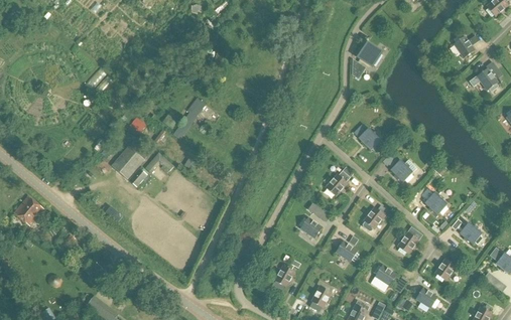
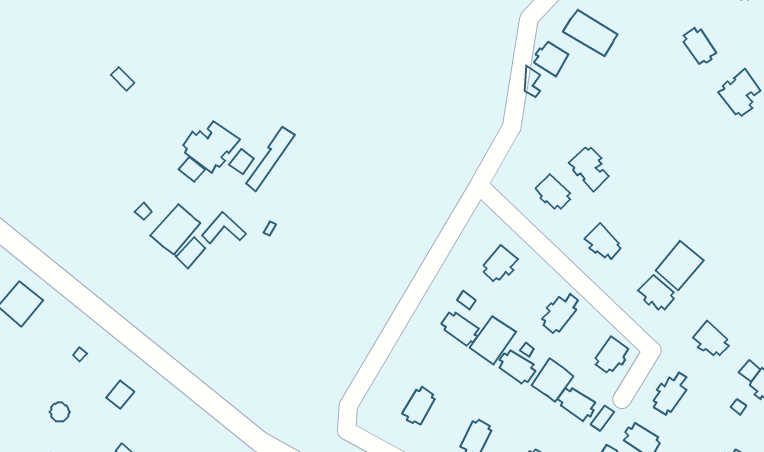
building: none -> [563,10,618,56]
building: none -> [183,121,240,173]
building: none -> [569,148,609,192]
building: none -> [656,241,704,290]
building: none -> [470,316,516,365]
building: none -> [532,358,573,402]

